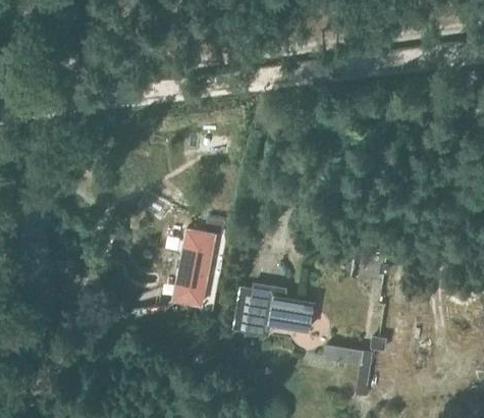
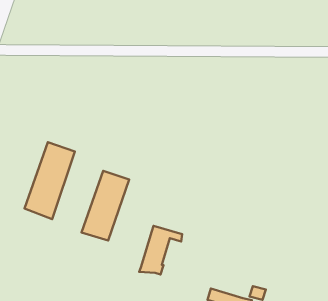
building: none -> [25,142,75,219]
building: [266,295,314,333] -> none

